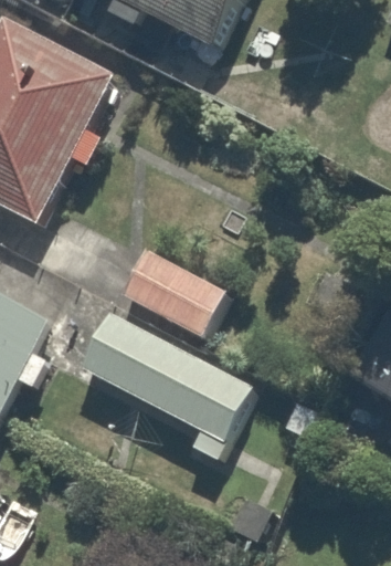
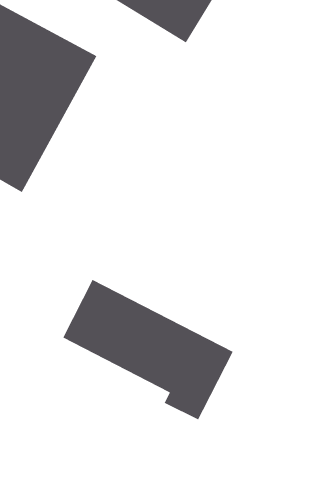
building: [108,240,233,347] -> none

